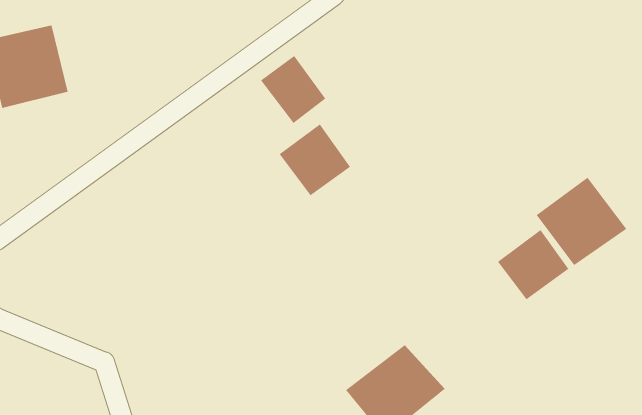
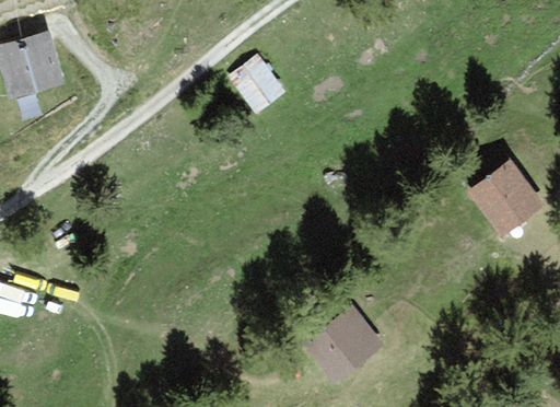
building: [279,124,351,196] -> none
building: [497,229,569,300] -> none

